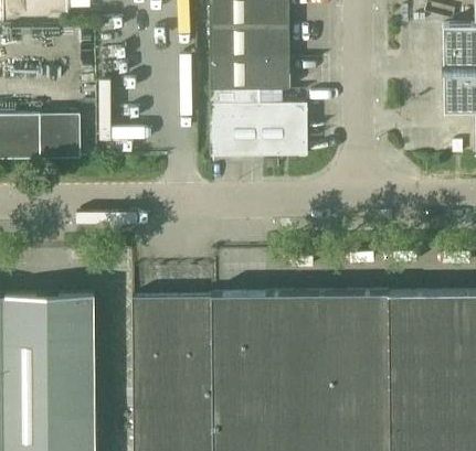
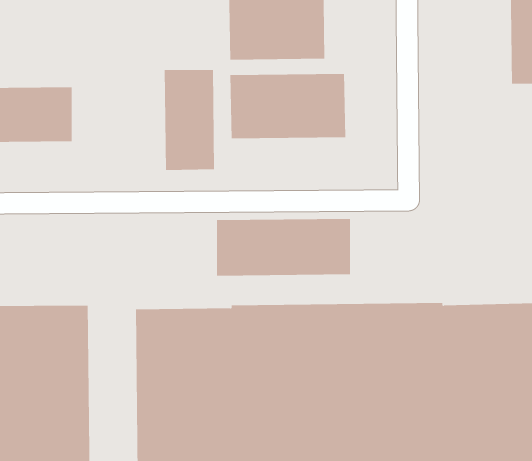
building: none -> [164,69,215,171]
building: none -> [217,218,351,276]

